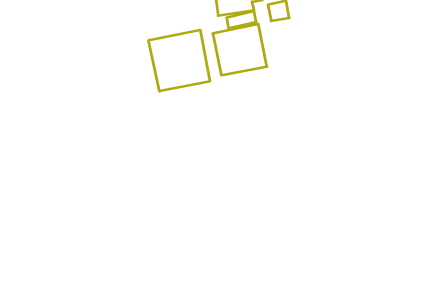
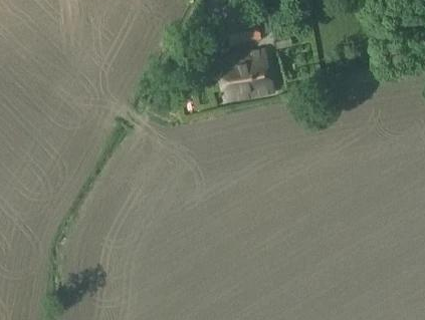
building: [149,30,210,91] -> none

